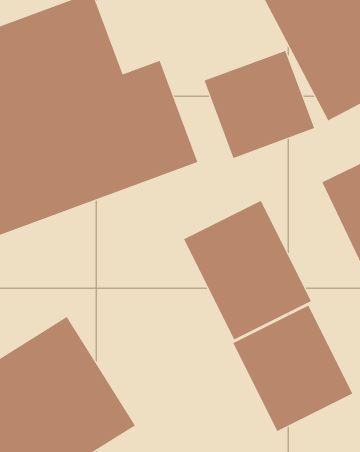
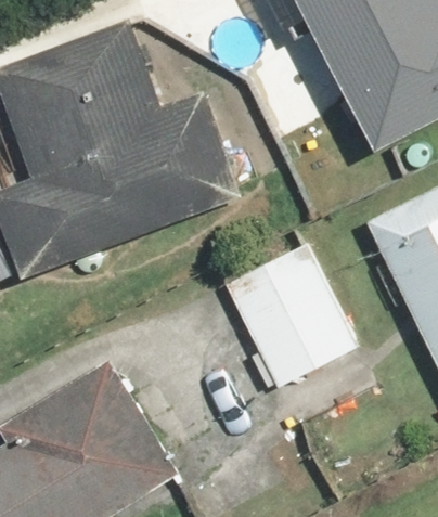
building: [204,50,315,159] -> none
building: [233,305,353,432] -> none

